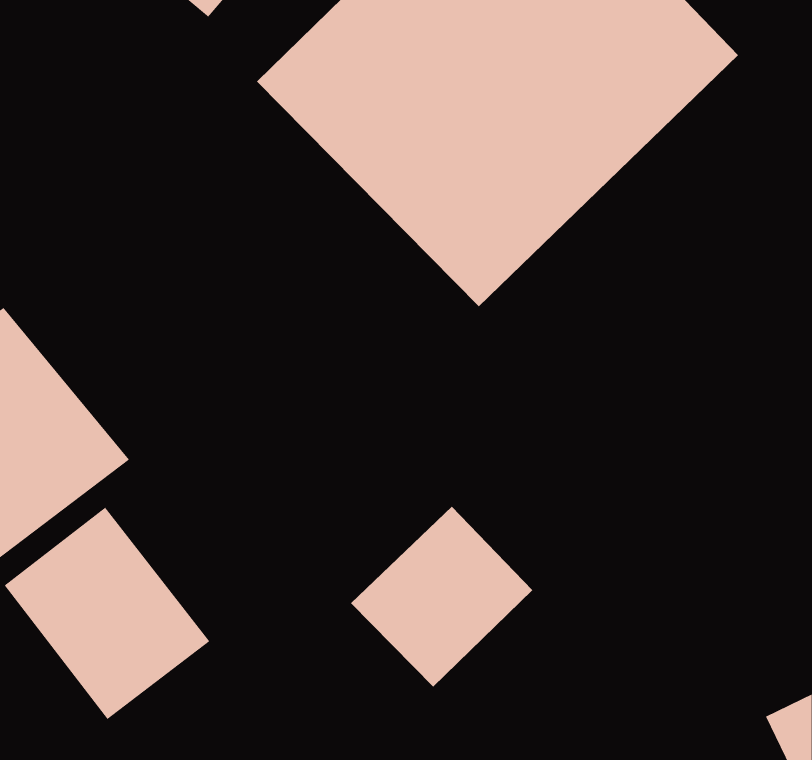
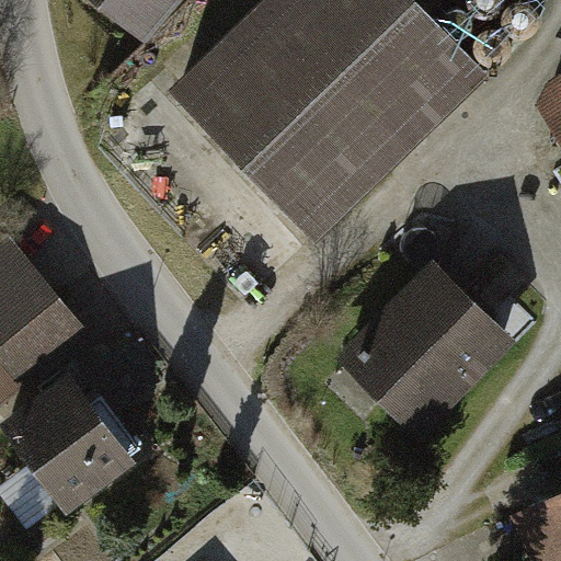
building: none -> [331,260,508,436]
building: [350,506,533,688] -> none

